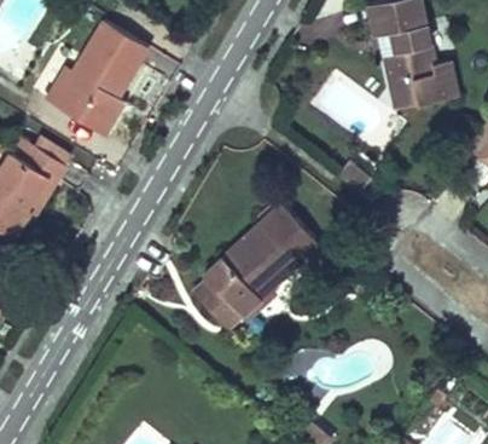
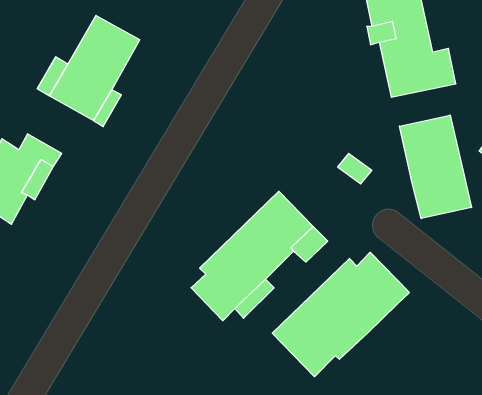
building: none -> [400,115,472,219]
building: none -> [272,252,409,377]

